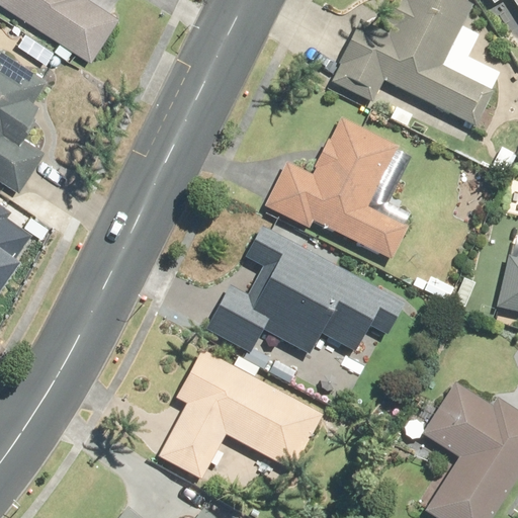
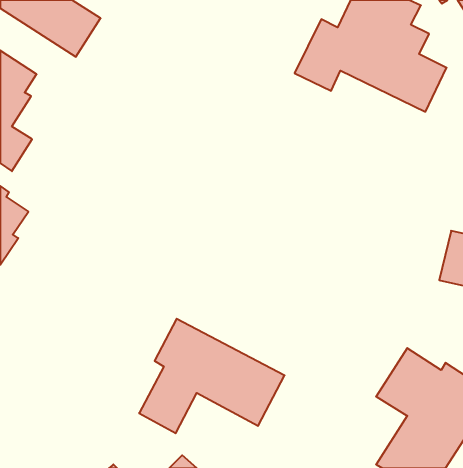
building: [265,117,405,254] -> none
building: [207,229,403,355] -> none

